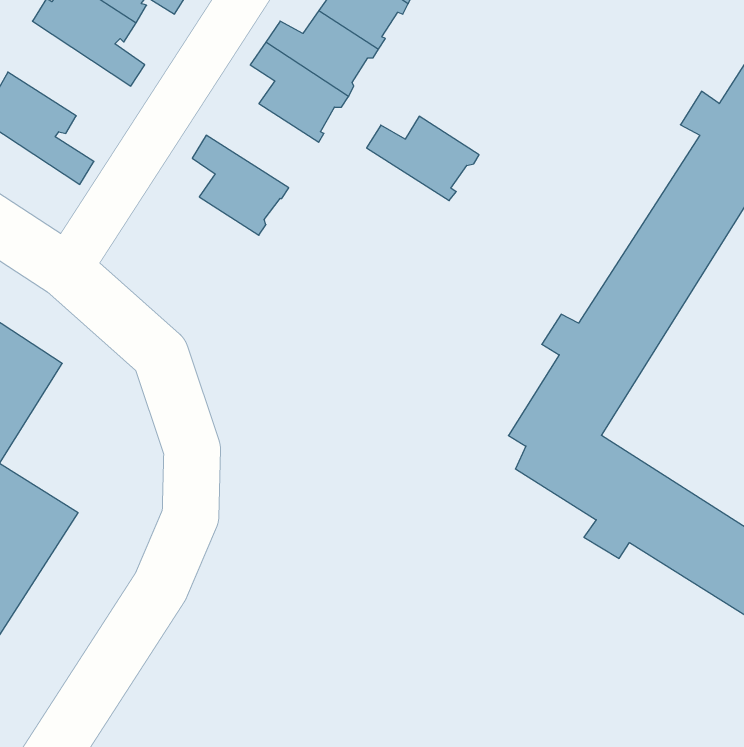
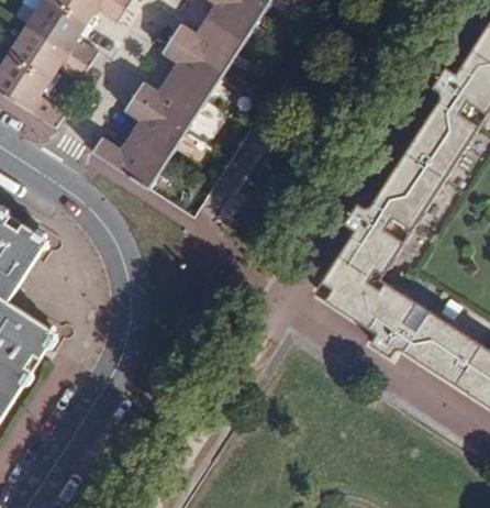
building: none -> [11,24,88,84]
building: [367,116,479,201] -> [135,76,205,129]
building: none -> [92,134,168,181]

